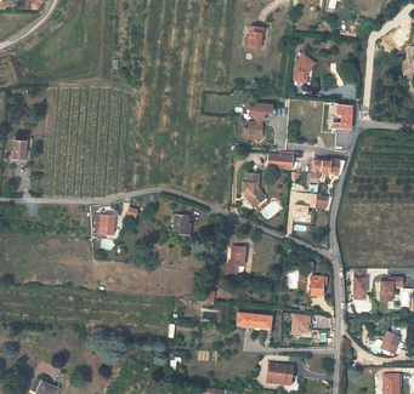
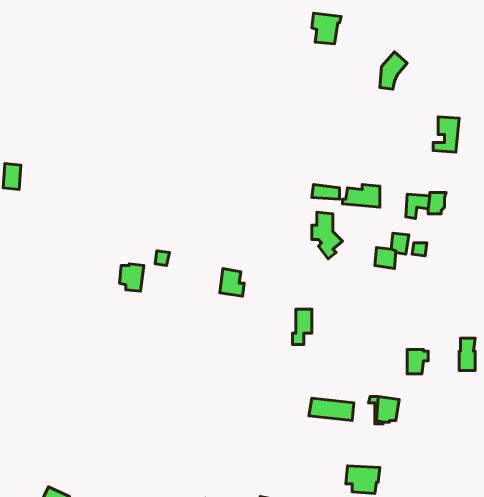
building: [244,105,277,141] -> none

